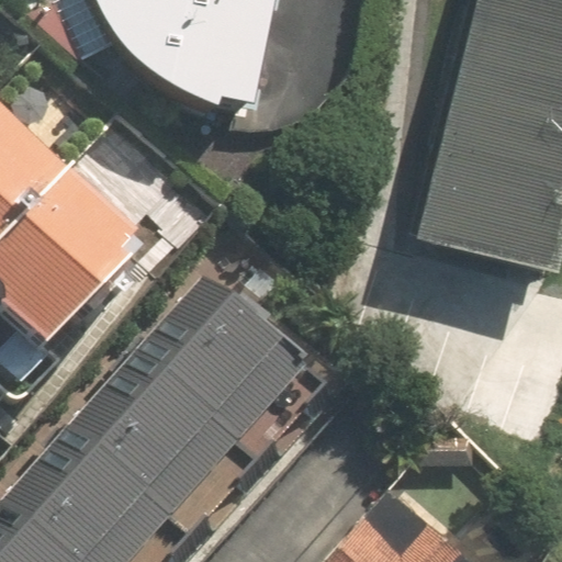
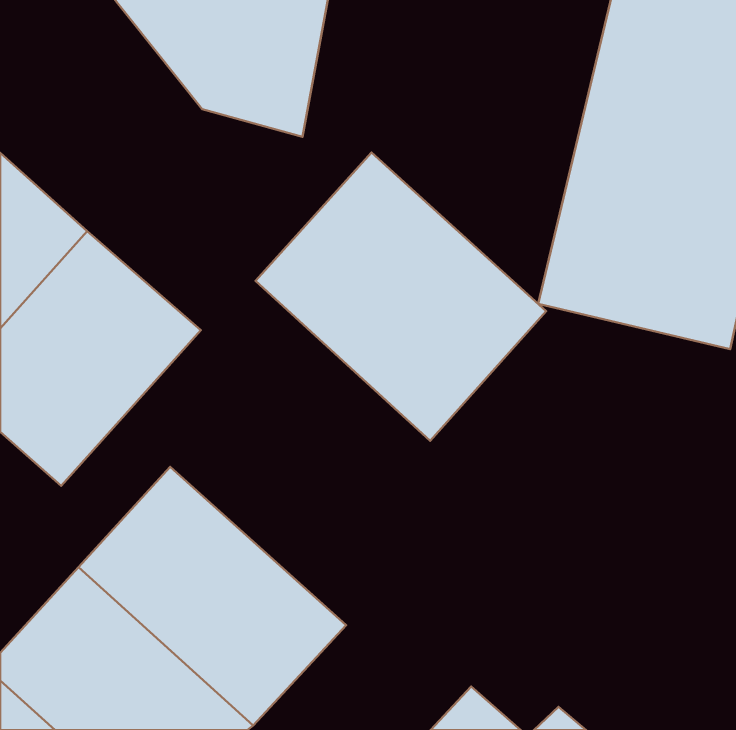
building: none -> [256,153,546,441]
building: [134,277,336,472] -> none

